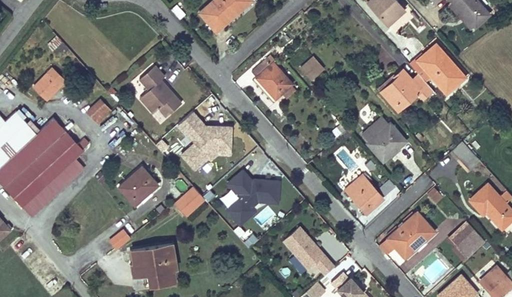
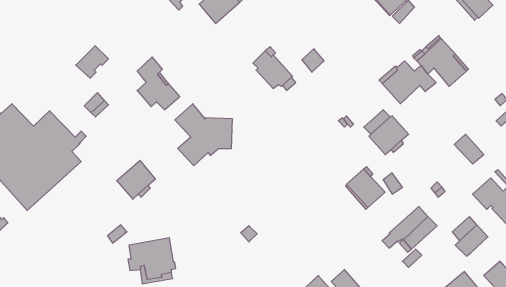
building: [33,68,65,100] -> [76,46,108,78]
building: [226,170,280,226] -> none
building: [174,187,205,216] -> none
building: [282,229,334,278] -> none

